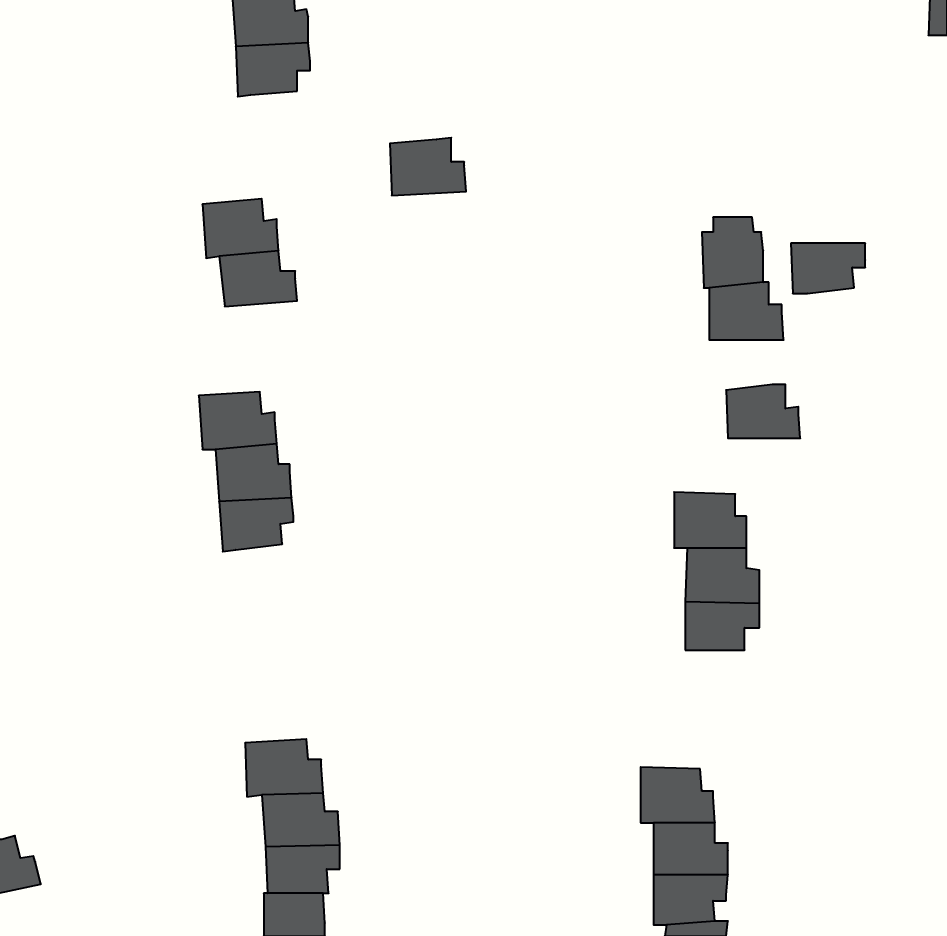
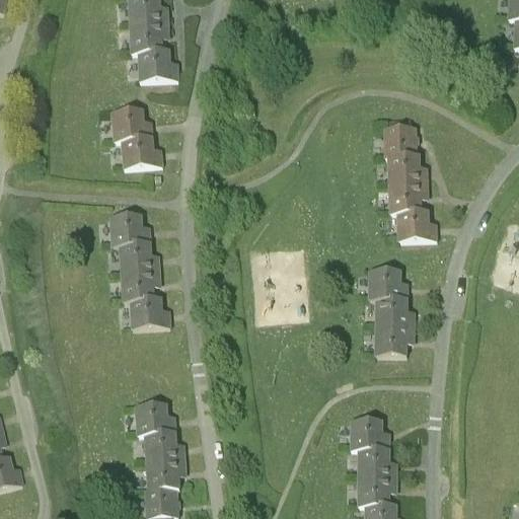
building: [390,138,466,195] -> [137,49,178,80]
building: [791,243,865,293] -> [387,186,428,213]
building: none -> [129,296,170,328]

